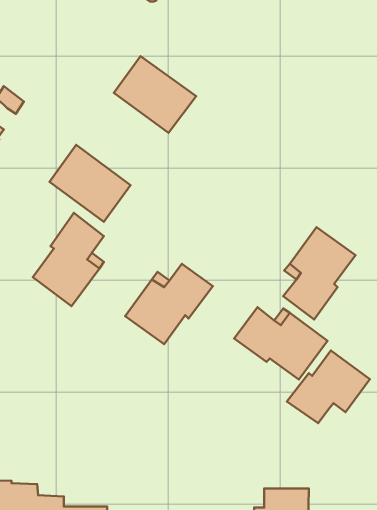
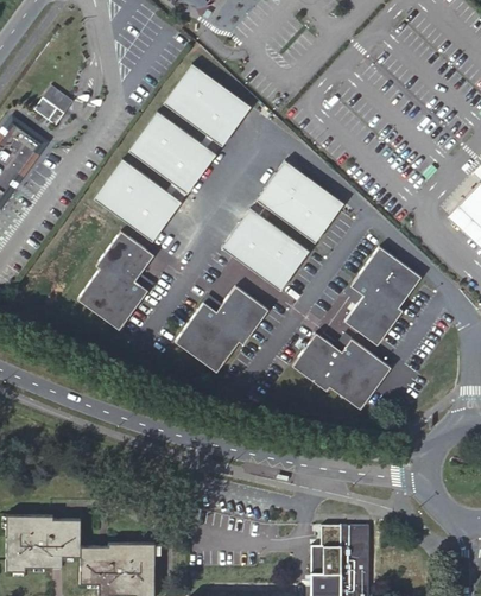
building: none -> [128,112,216,194]
building: none -> [255,160,343,243]
building: none -> [221,208,309,291]
building: [287,350,370,423] -> none

